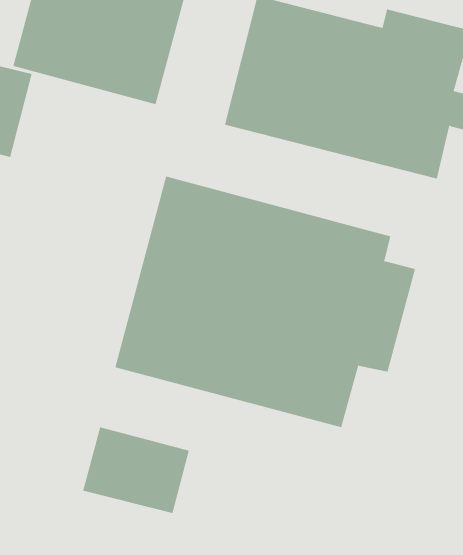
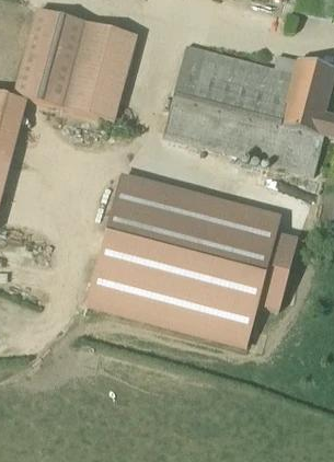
building: [83,426,190,514] -> none

